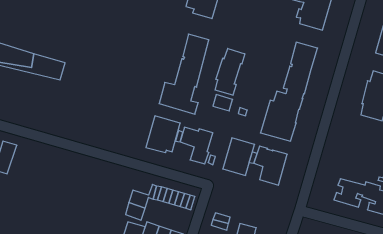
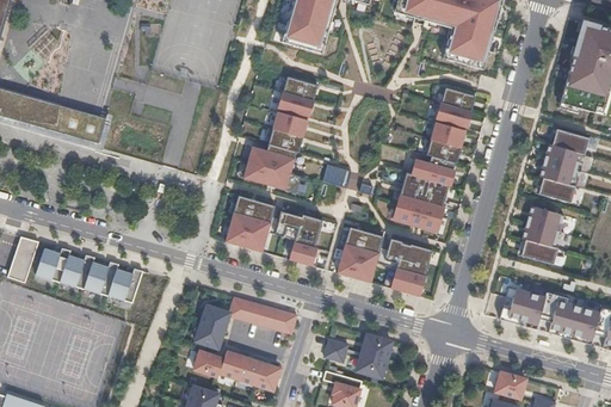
building: [215,48,245,95] -> none
building: none -> [520,206,563,265]
building: none -> [32,245,136,300]
building: none -> [360,333,390,359]

